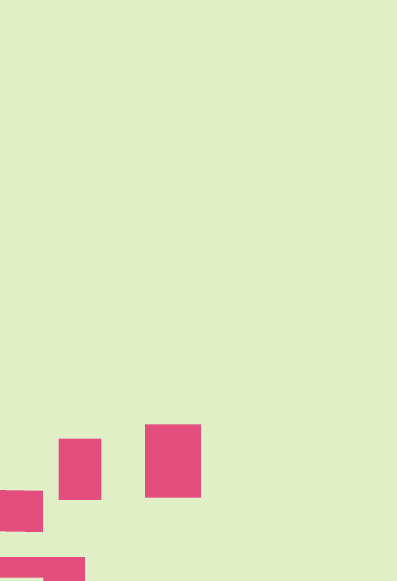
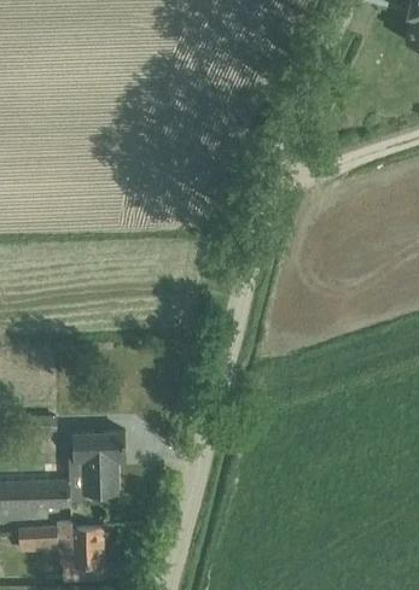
building: [145,423,201,498] -> none

